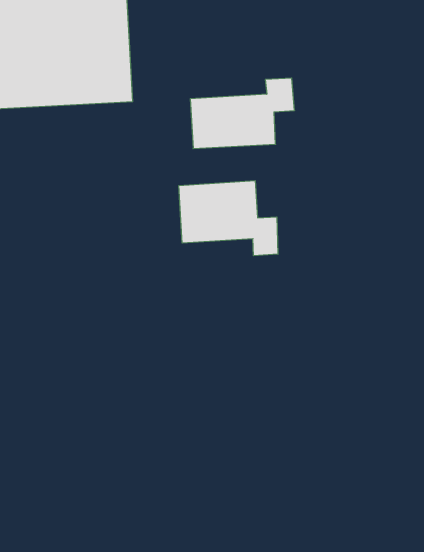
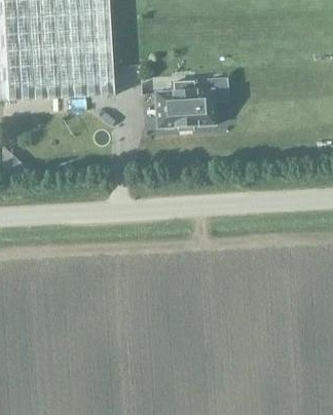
building: [179,181,278,256] -> none

